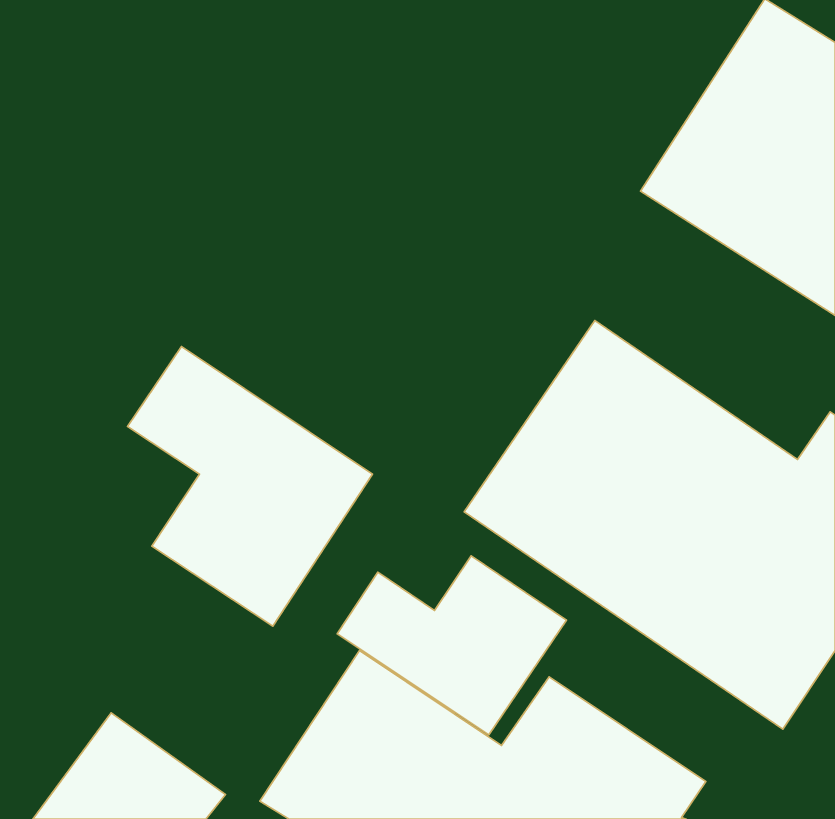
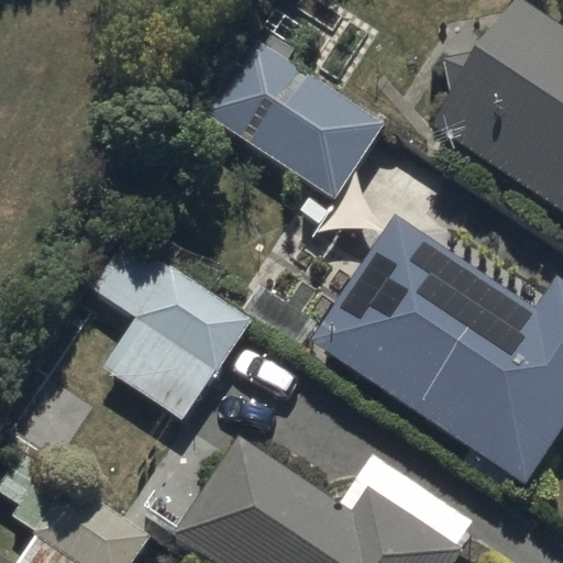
building: none -> [207,40,386,200]
building: [337,556,567,735] -> none

